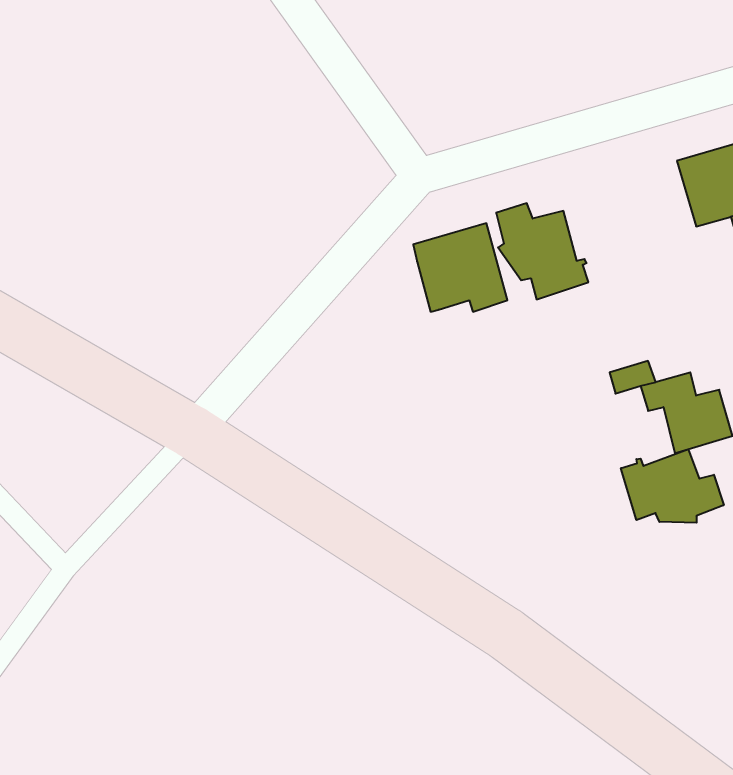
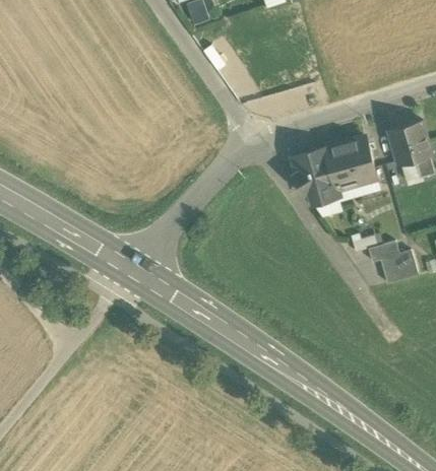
building: [413,223,507,312] -> [326,136,376,183]
building: [621,449,724,523] -> none

